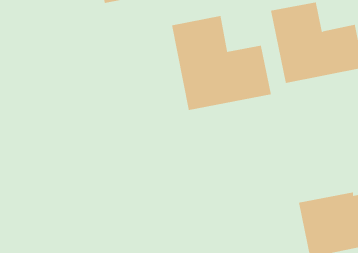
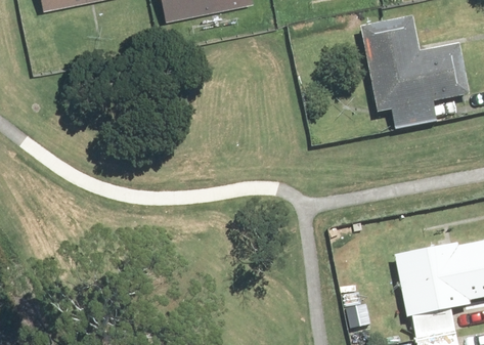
building: [172,15,272,111] -> none

